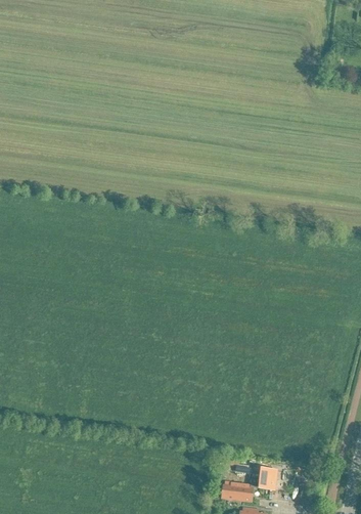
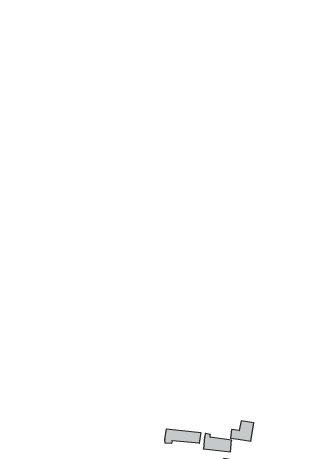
building: none -> [165,429,201,443]

